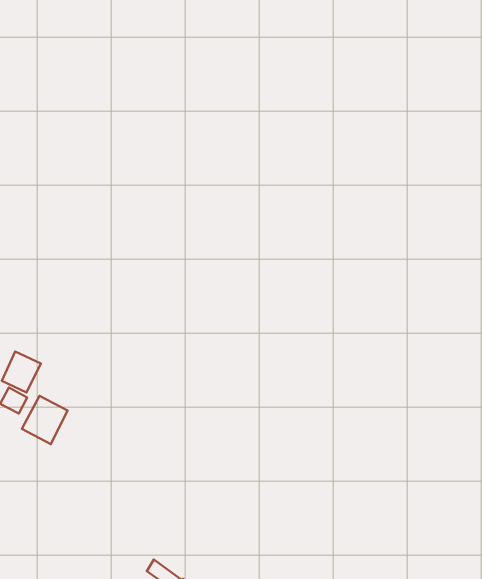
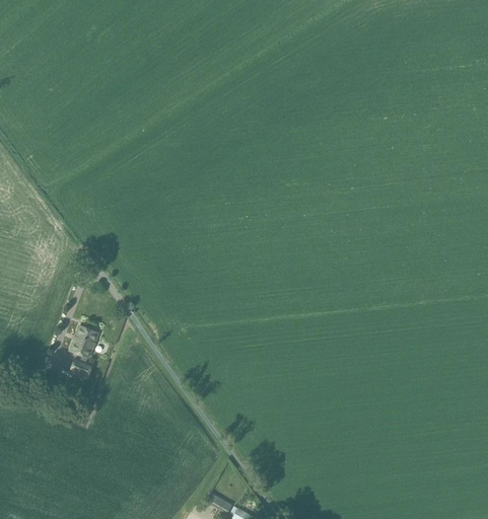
building: [22,396,68,444] -> none

